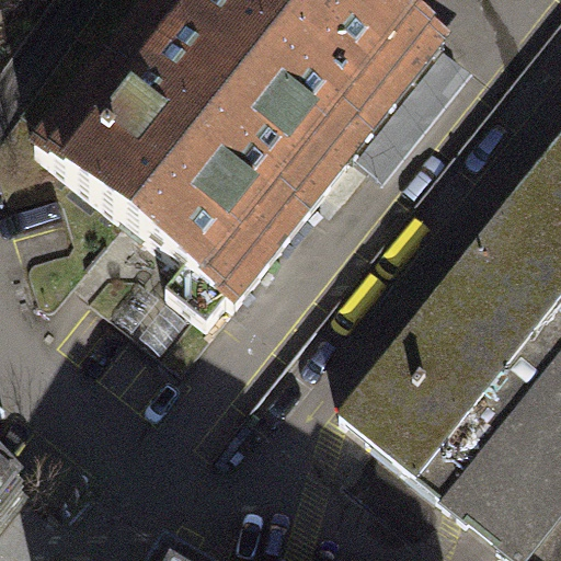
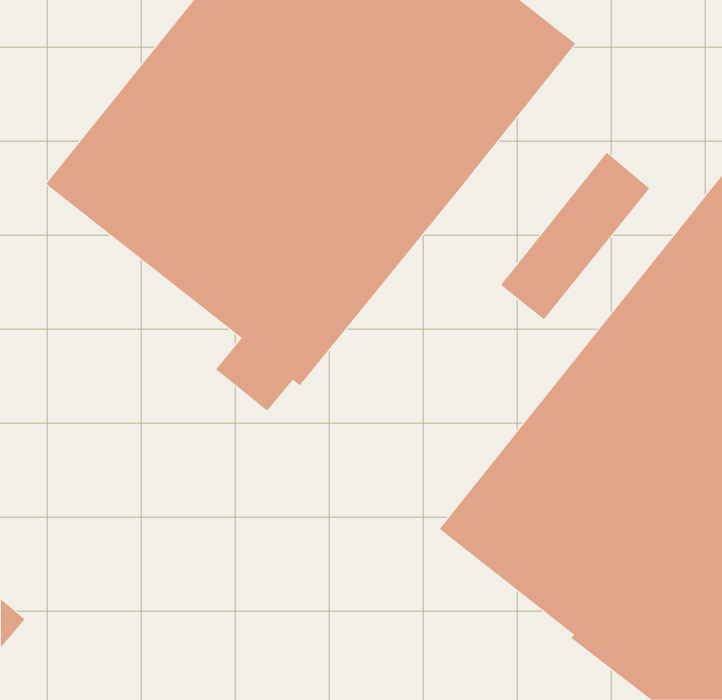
building: [356,45,472,175] -> [500,152,650,320]

